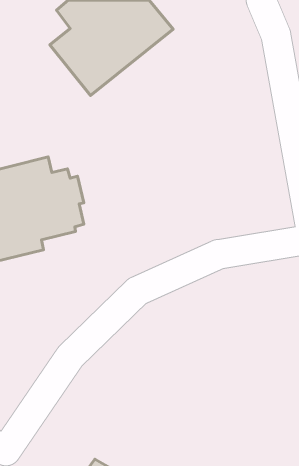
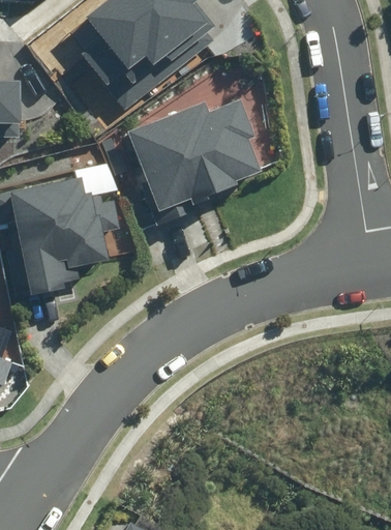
building: none -> [125,96,262,211]

